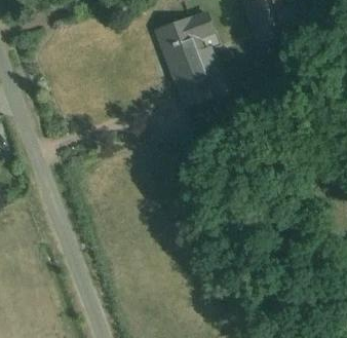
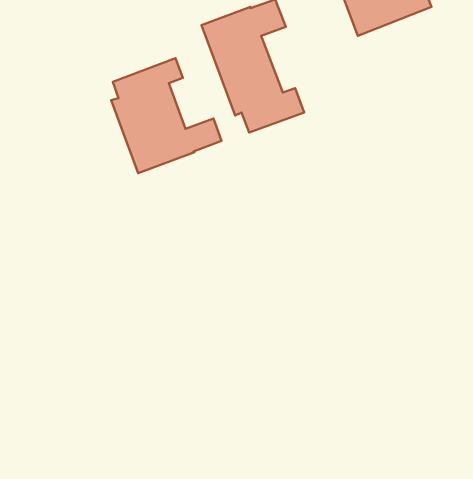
building: none -> [111,58,221,173]

